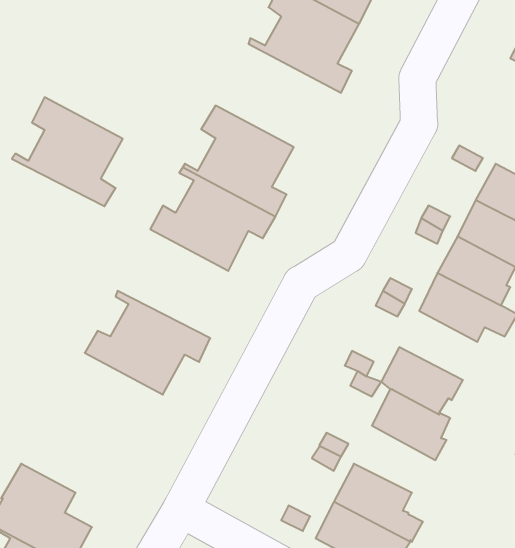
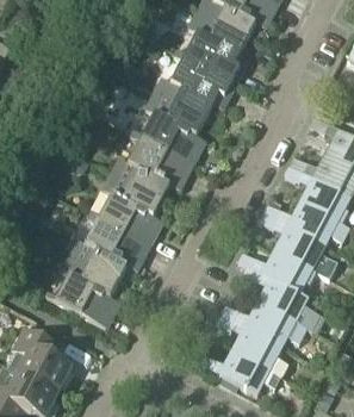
building: none -> [154,51,236,119]
building: [12,97,123,206] -> [89,173,162,244]
building: none -> [274,226,325,272]
building: none -> [46,254,119,326]
building: none -> [244,301,308,346]

